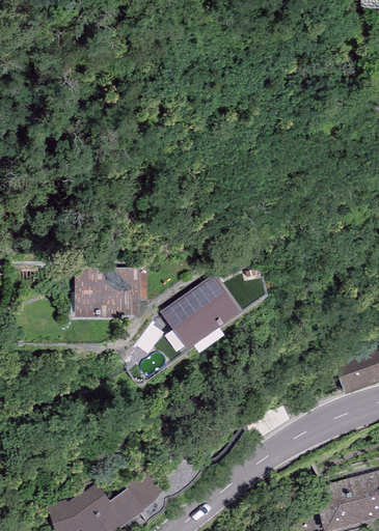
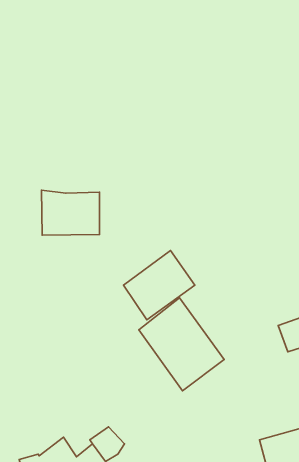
building: [75,270,139,319] -> [41,190,100,235]
building: none -> [139,298,224,391]

